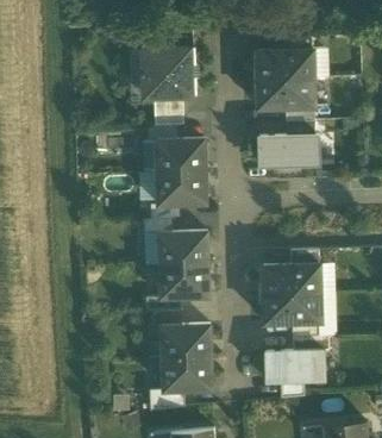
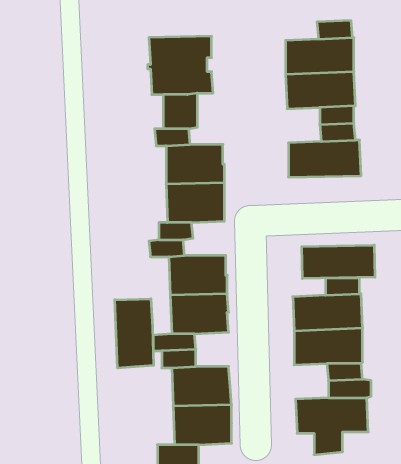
building: none -> [302,245,375,279]
building: none -> [115,299,154,368]

